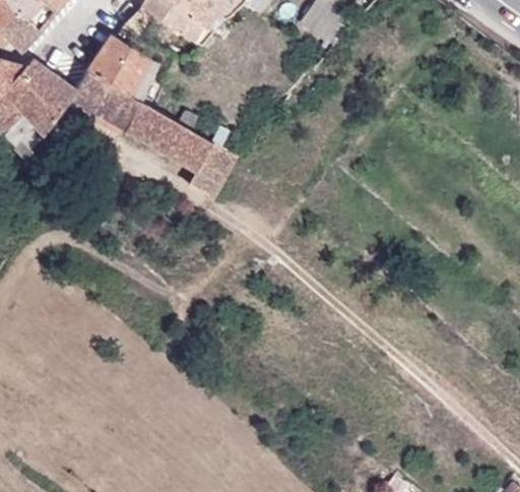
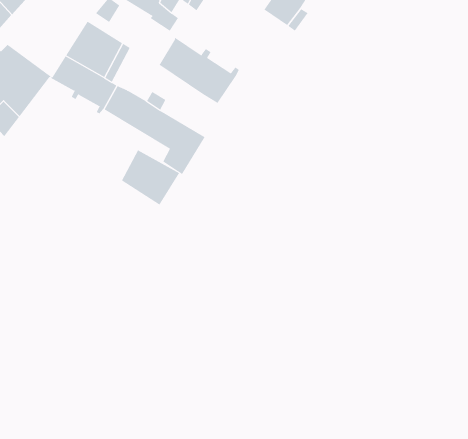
building: none -> [159,36,239,104]
building: none -> [121,150,180,206]

